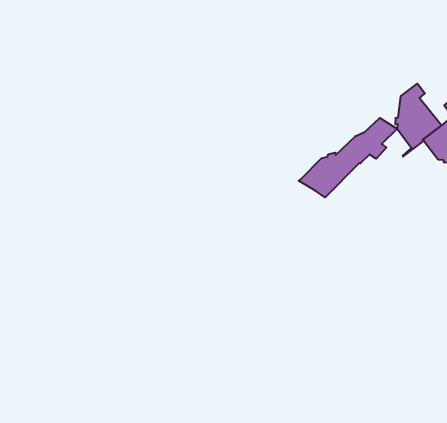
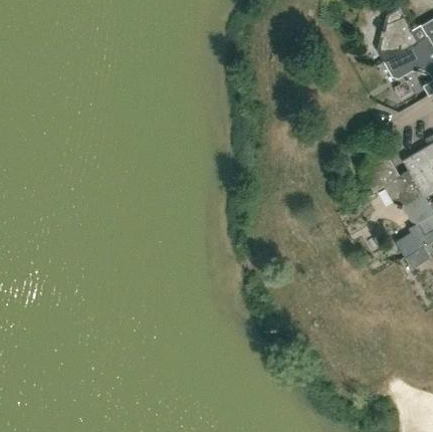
building: [299,118,397,197] -> none

